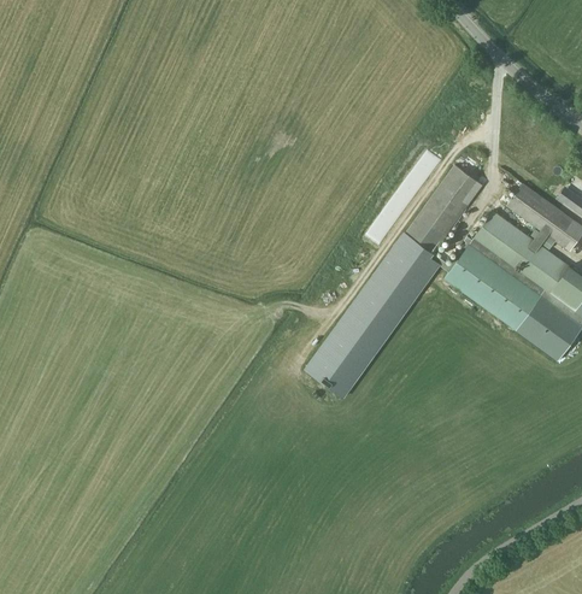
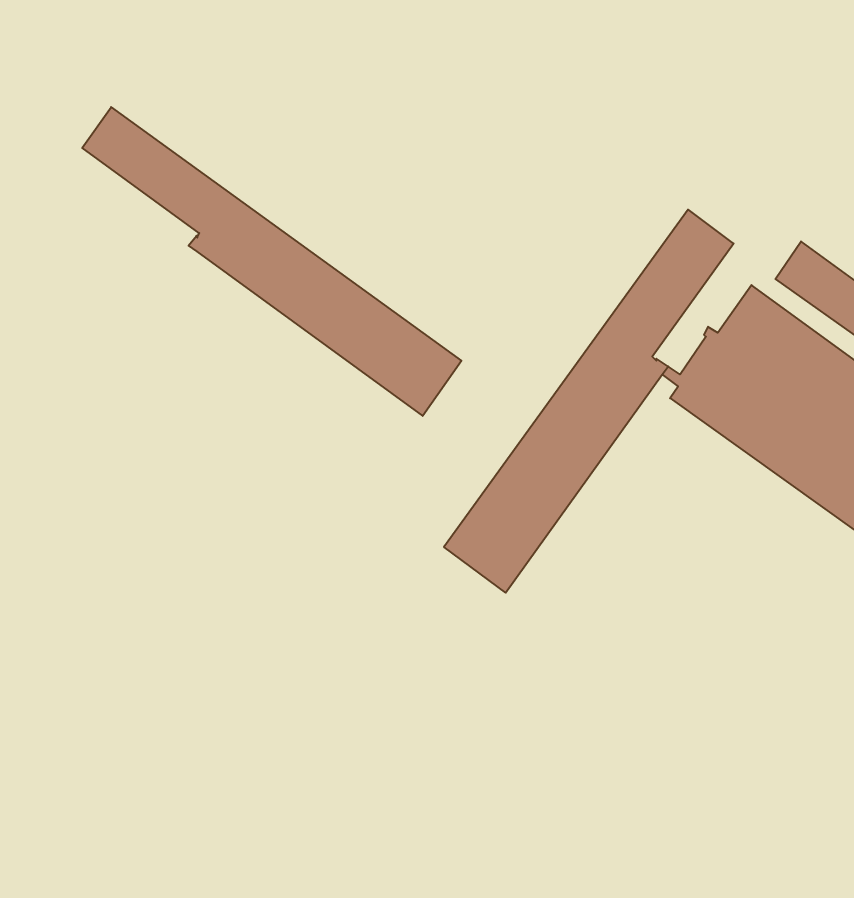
building: none -> [82,107,461,416]

